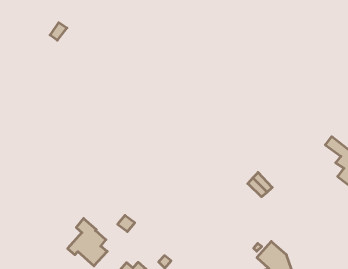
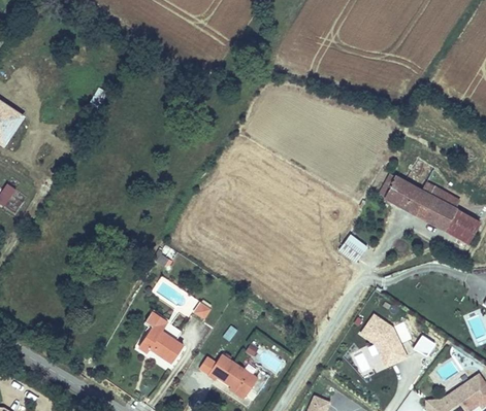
building: none -> [382,174,448,229]

